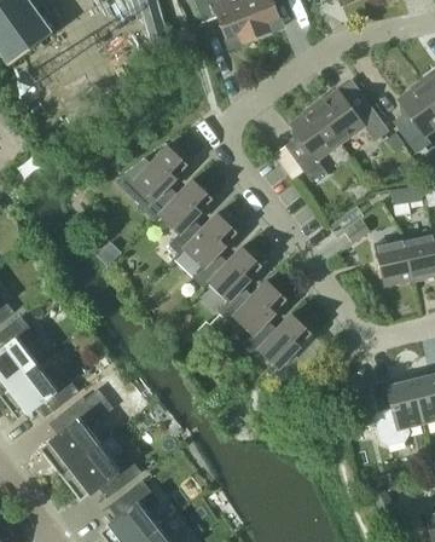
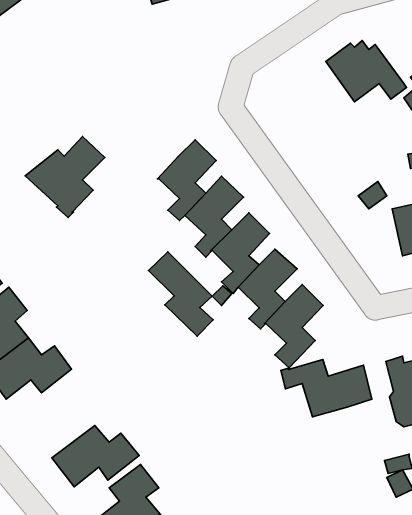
building: [285,105,341,180] -> none
building: [115,144,188,219] -> [25,137,105,218]
building: none -> [148,252,213,336]
building: none -> [281,360,372,417]
building: [41,387,115,473] -> none

